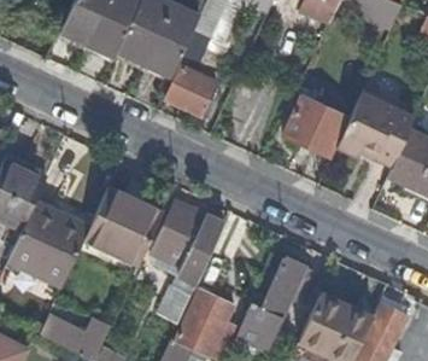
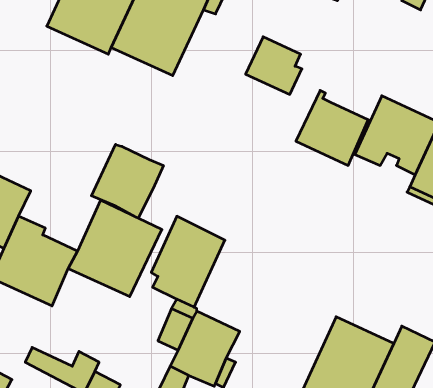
building: [166,65,217,117] -> [246,37,302,94]
building: none -> [91,144,163,218]
building: [236,260,311,349] -> none

